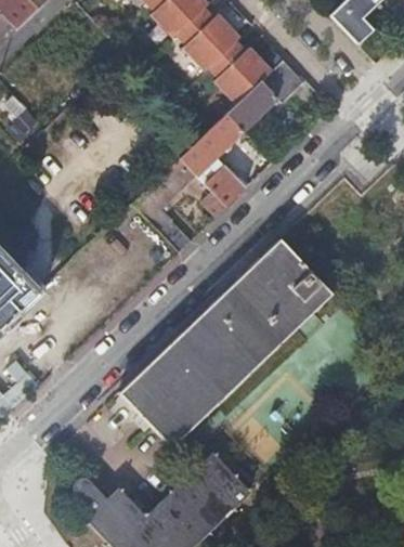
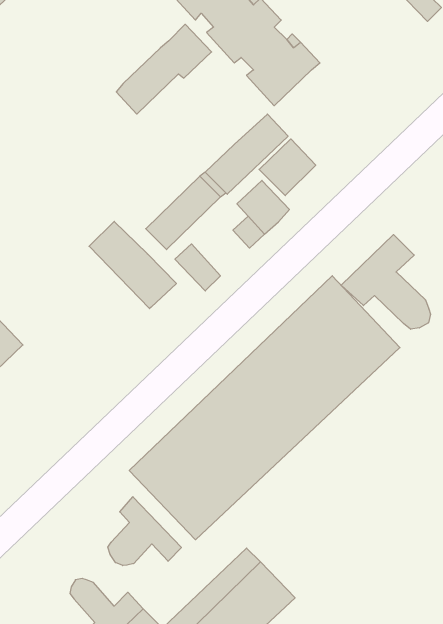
building: [230,58,304,129] -> [116,24,212,114]
building: none -> [89,221,176,309]
building: none -> [341,235,430,329]
building: none -> [108,497,181,566]

